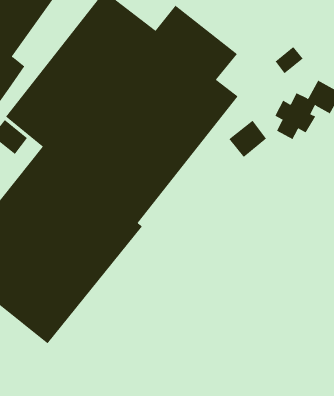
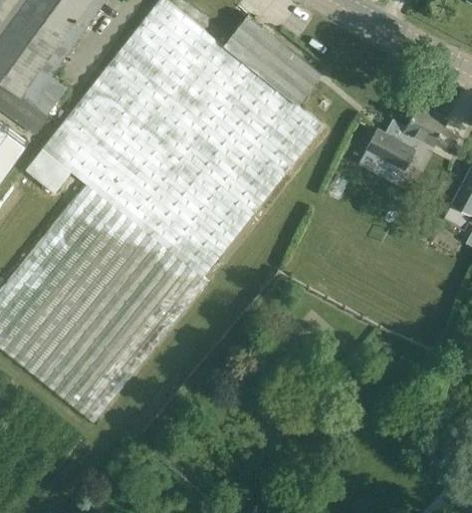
building: [275,46,303,74] -> none
building: [228,120,267,158] -> none

